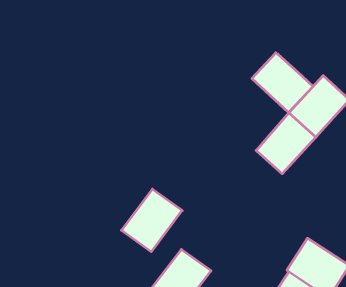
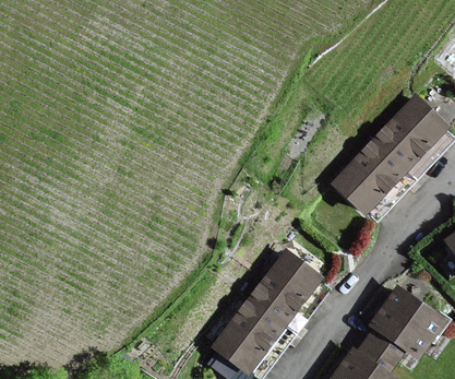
building: [252,53,313,112] -> none
building: [121,189,182,252] -> [249,252,320,325]

